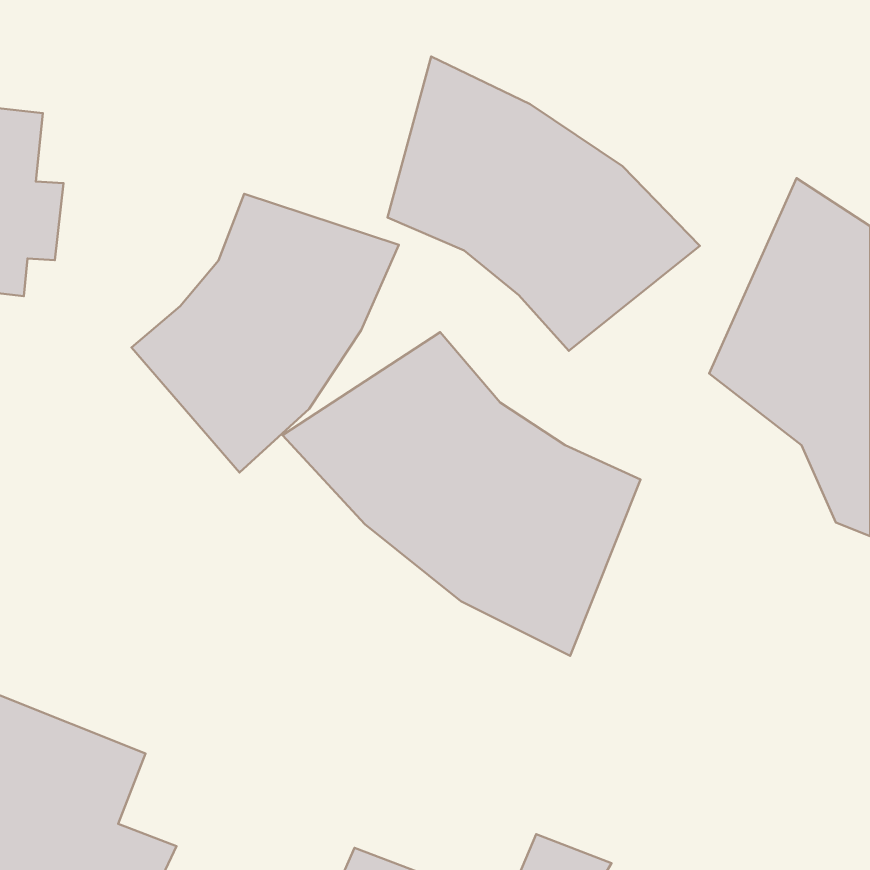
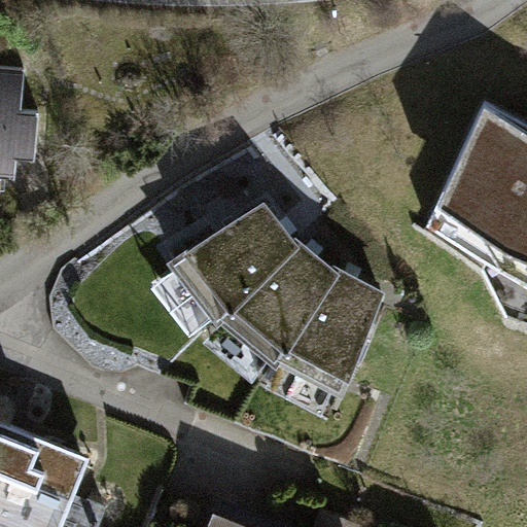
building: [387,57,700,351] -> none
building: [131,194,399,473] -> none

